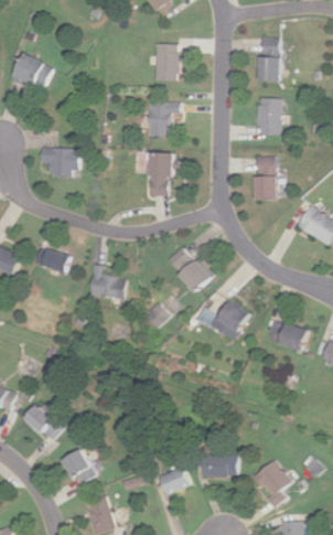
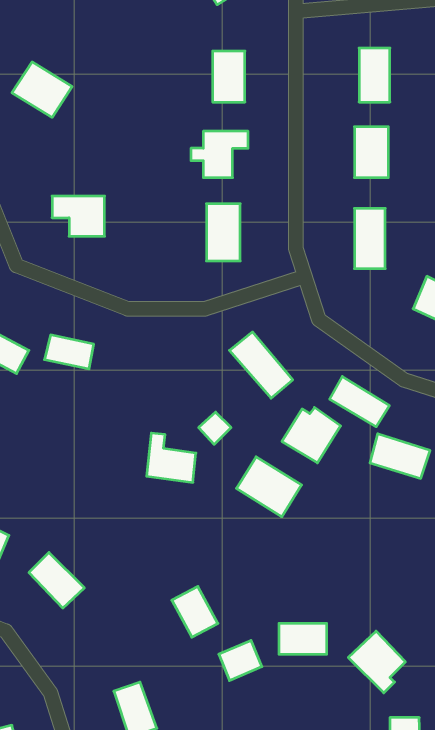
building: [89,264,125,299] -> [147,433,196,482]
building: none -> [330,376,389,427]
building: none -> [236,457,302,517]
building: [63,448,96,484] -> [172,586,218,637]

